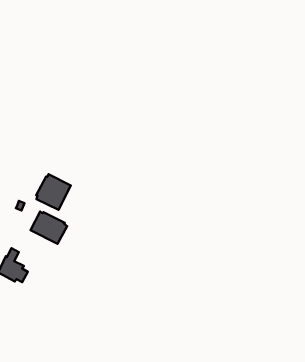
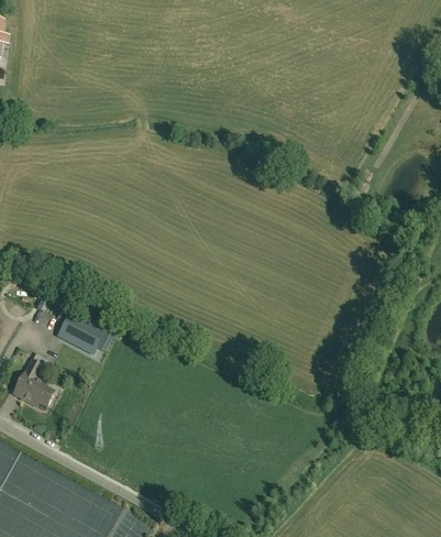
building: [36,174,71,210] -> none

